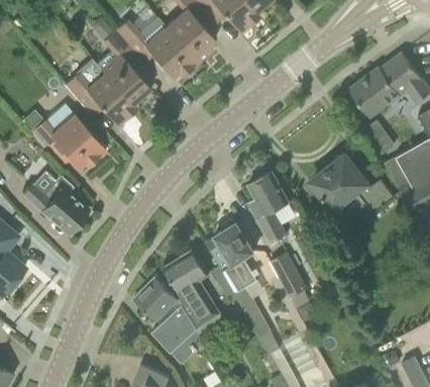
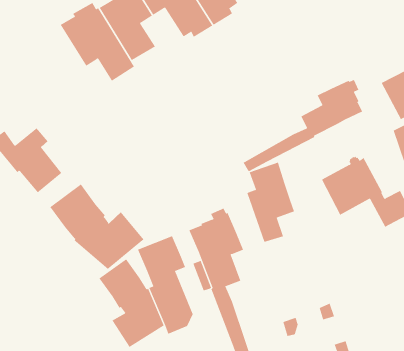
building: none -> [243,79,363,172]
building: [30,113,106,167] -> none
building: none -> [49,184,144,270]
building: [270,251,310,305] -> none

